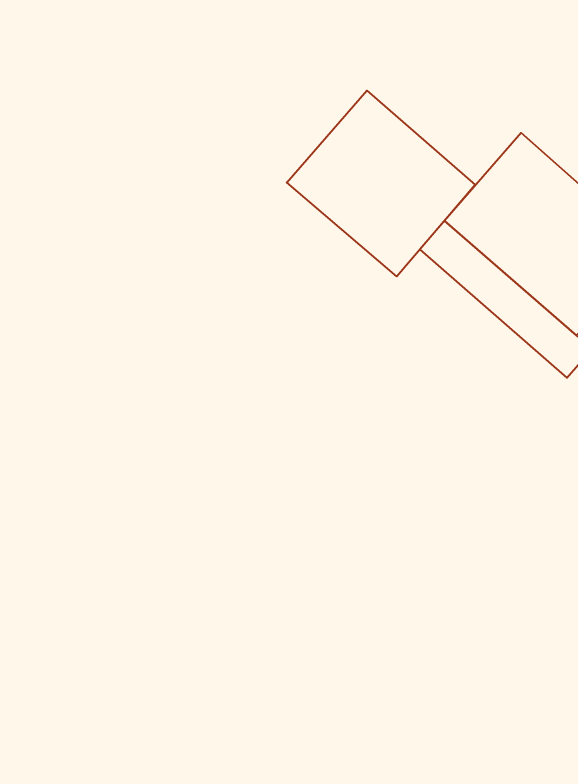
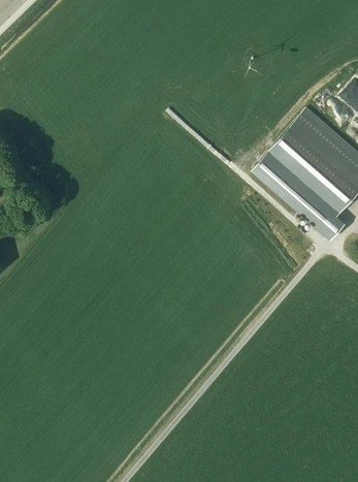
building: [287,91,475,276] -> none

